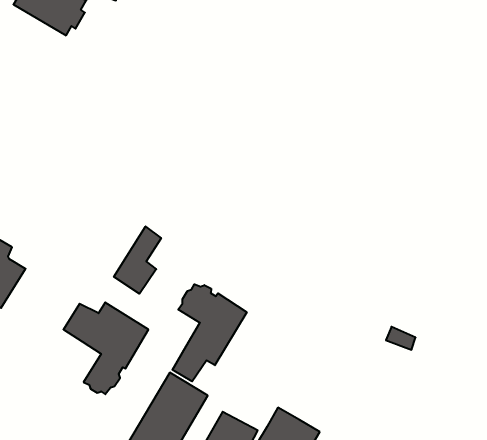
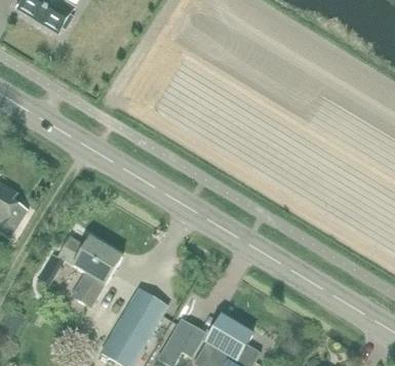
building: [114,226,161,294] -> none
building: [172,284,247,381] -> none

